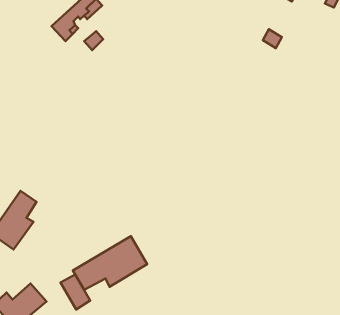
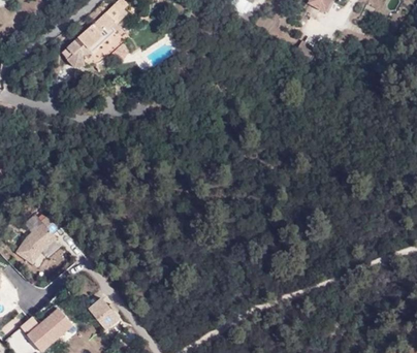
building: none -> [61,37,92,67]
building: [73,236,147,290] -> none

